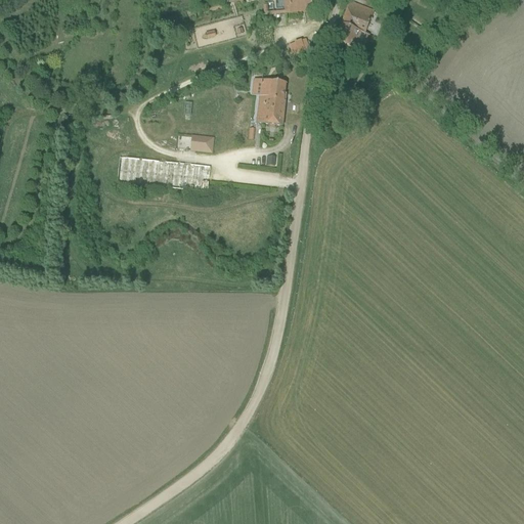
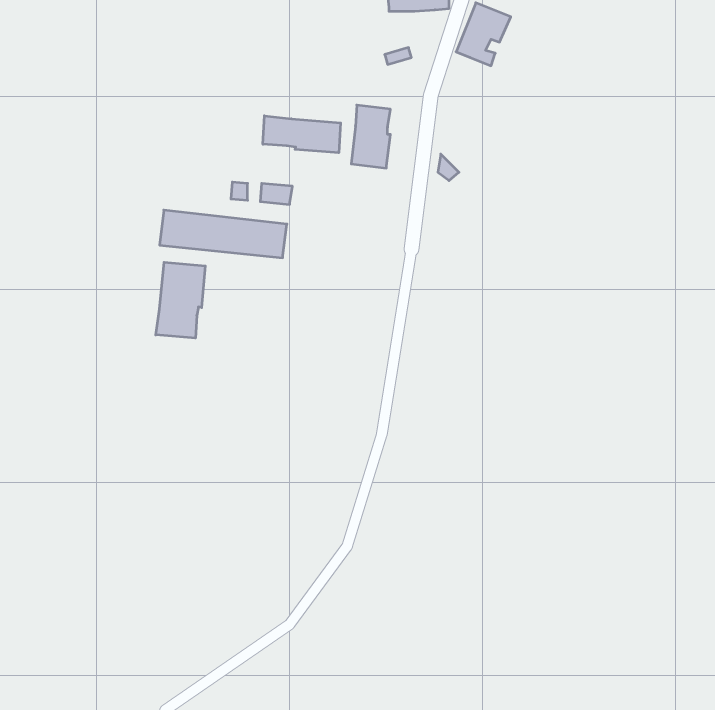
building: none -> [263,116,341,153]
building: none -> [156,262,205,338]

